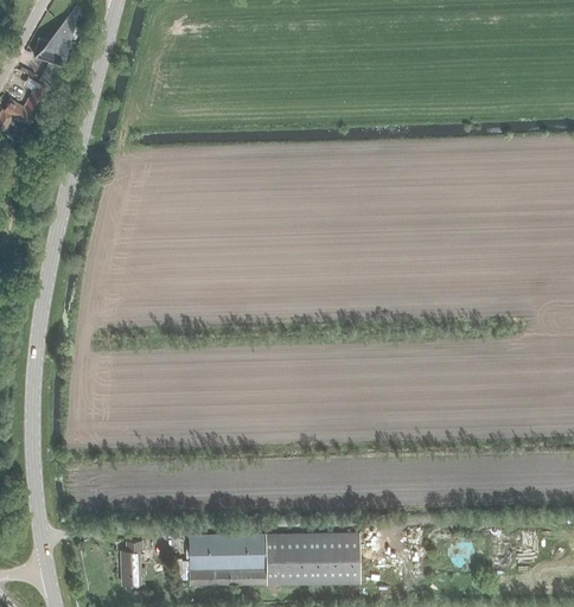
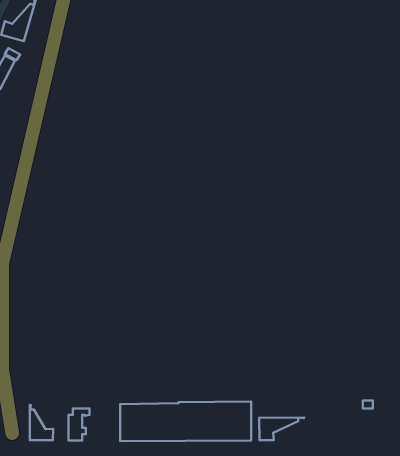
building: none -> [30,405,53,440]
building: none -> [259,417,304,440]

